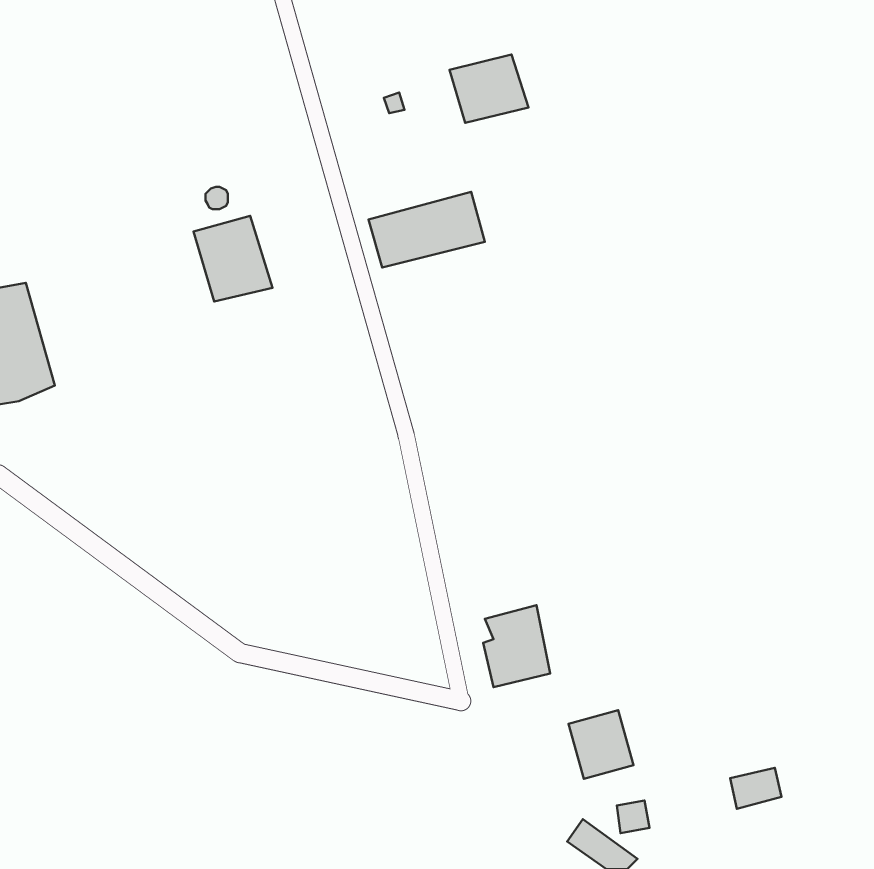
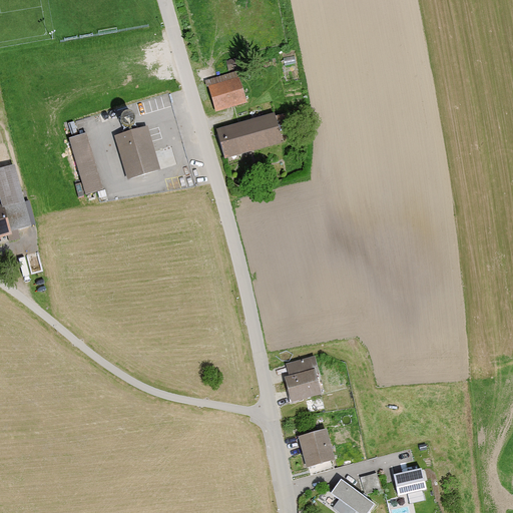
building: [450,54,528,123] -> [201,70,247,110]
building: none -> [67,133,101,193]
building: [568,710,634,779] -> [297,427,335,467]
building: [730,768,782,809] -> [394,469,424,493]

